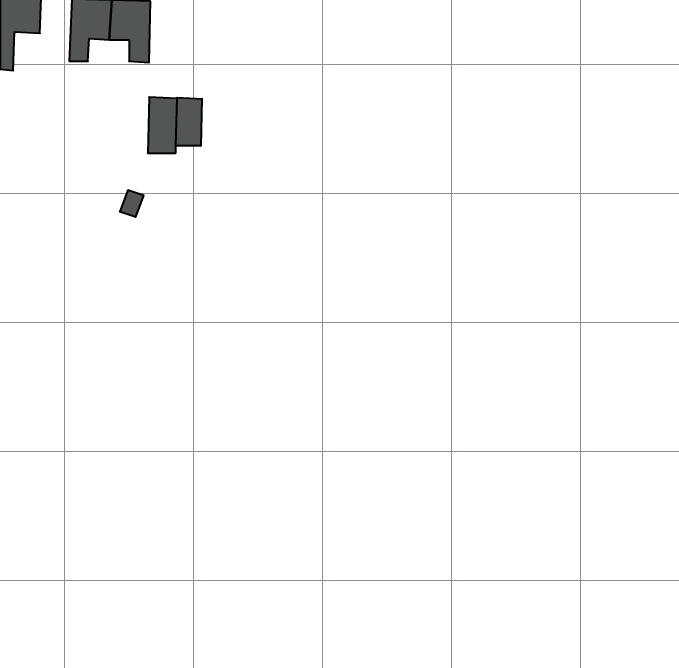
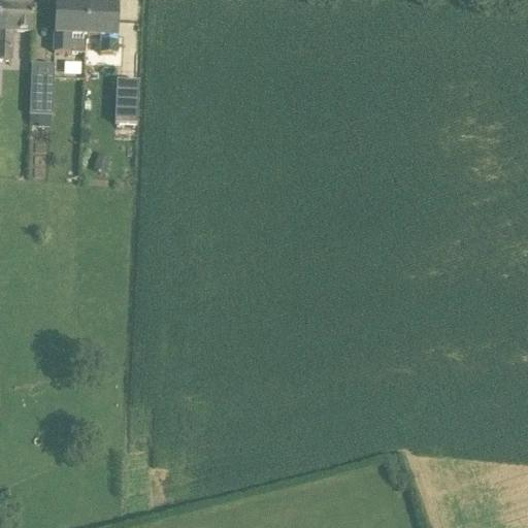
building: none -> [29,58,54,110]
building: [176,98,202,146] -> none

